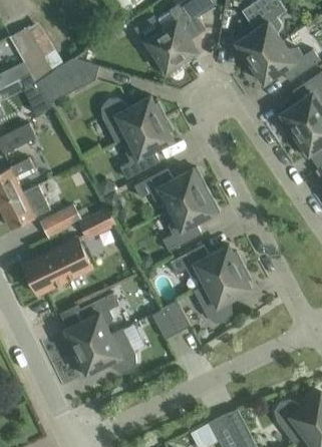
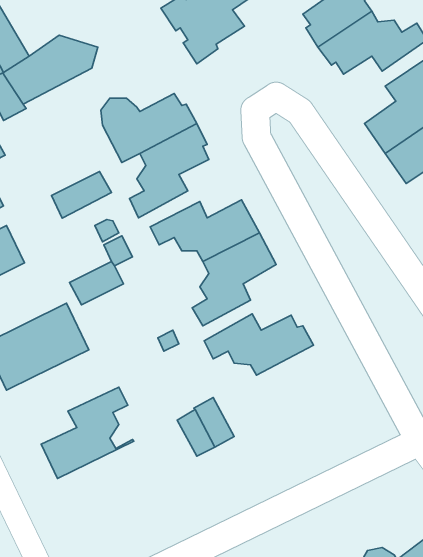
building: [42,205,82,237] -> [52,172,111,218]
building: [194,265,252,323] -> none
building: [72,329,136,376] -> none

